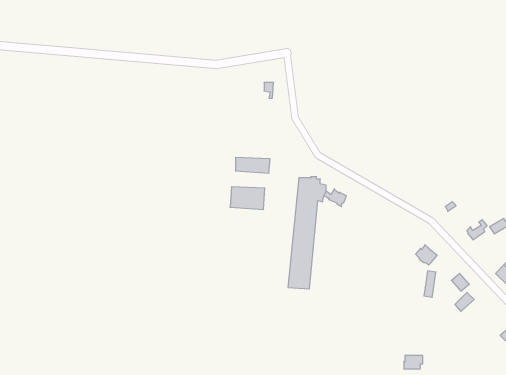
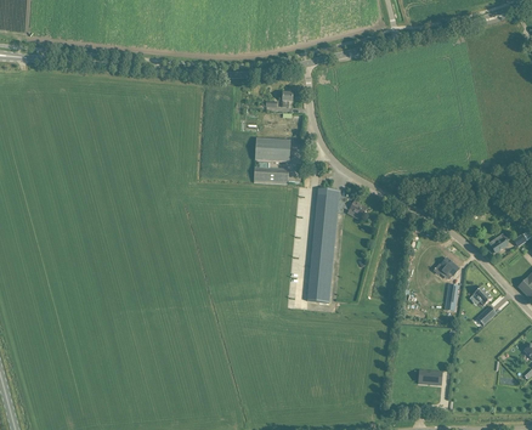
building: [230,187,265,210] -> [254,137,289,160]

